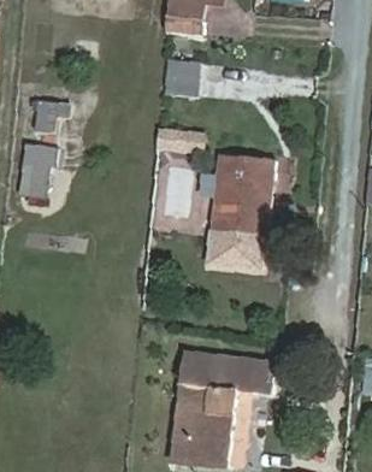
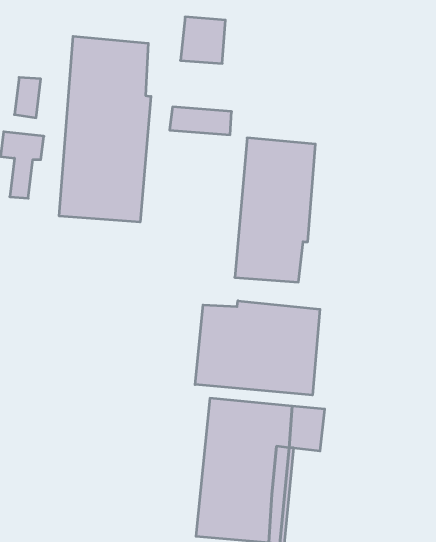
building: none -> [59,36,151,222]
building: none -> [195,301,320,395]

